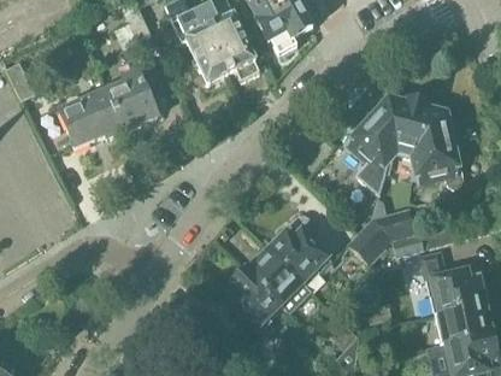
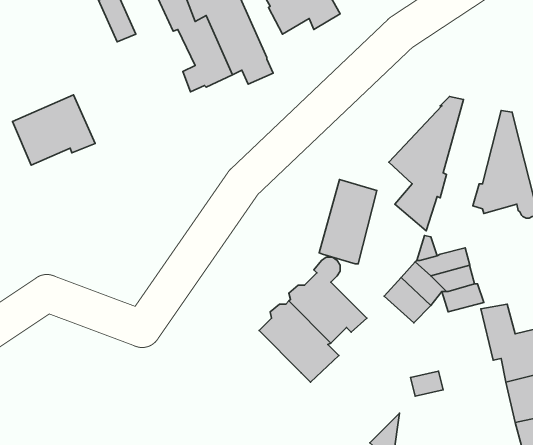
building: [104,65,157,127] -> none
building: [391,93,436,158] -> [319,179,377,264]
building: [223,268,282,348] -> none

